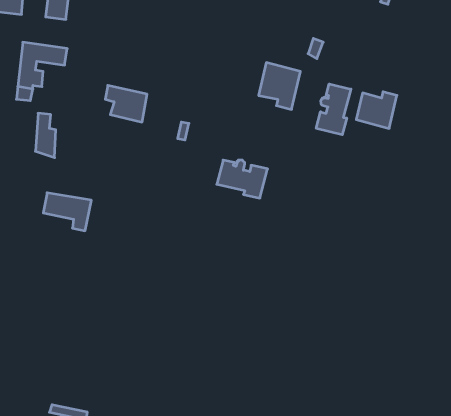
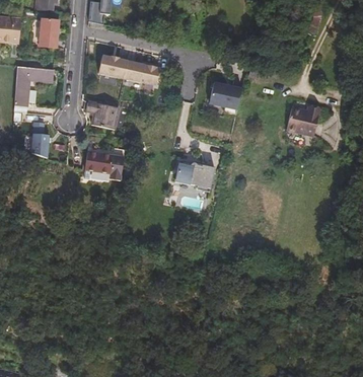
building: none -> [96,55,158,83]
building: [316,84,351,135] -> none
building: [43,193,91,231] -> [83,151,122,181]

